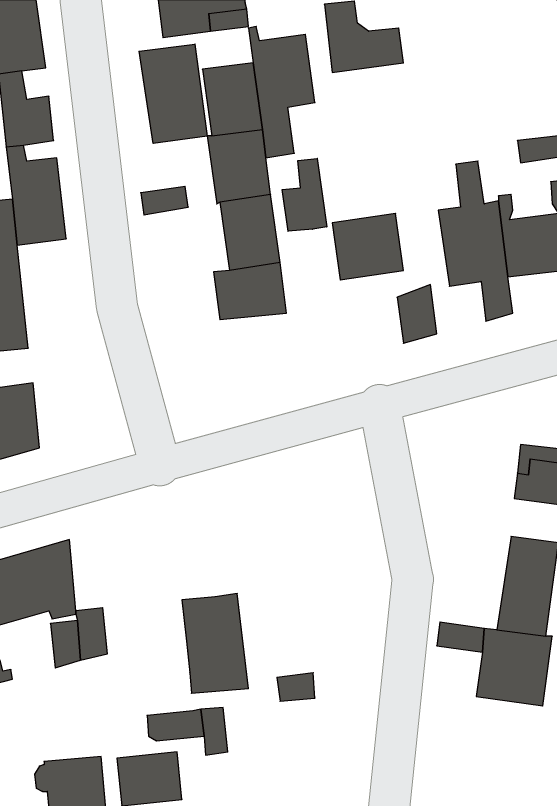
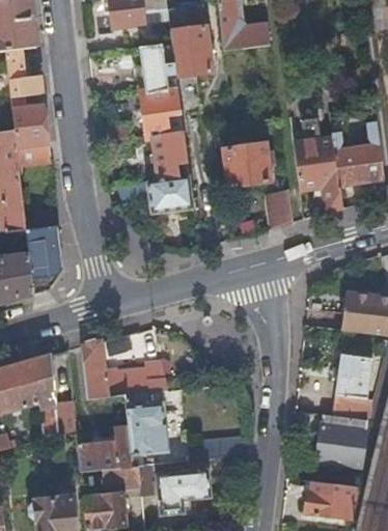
building: [139,44,207,143] -> none
building: [282,158,327,231] -> none
building: none -> [25,225,62,295]
building: none -> [81,340,167,399]
building: none -> [75,425,131,471]
building: none -> [158,470,210,513]
building: none -> [306,479,366,518]

